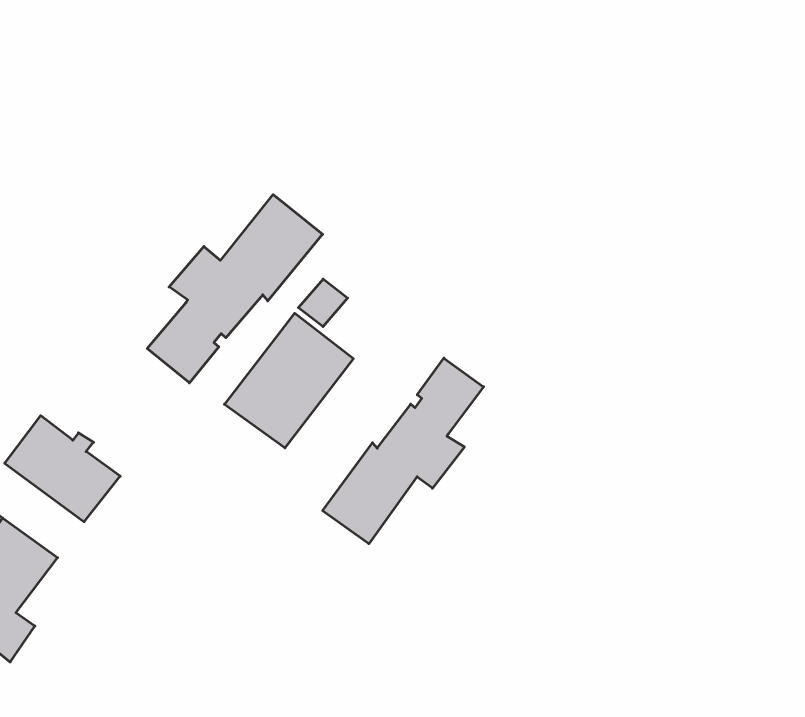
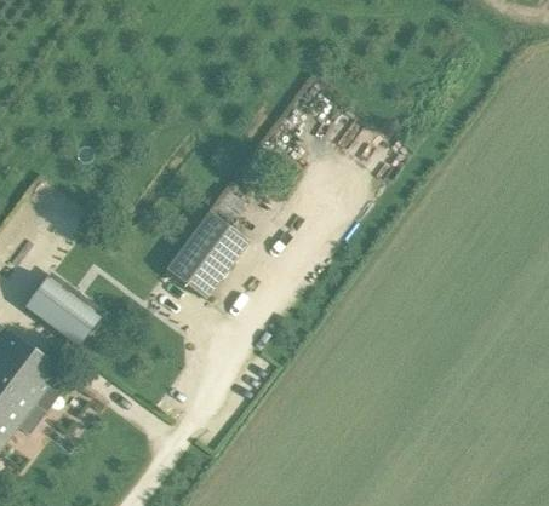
building: [147,195,323,383] -> none
building: [323,358,484,544] -> none

